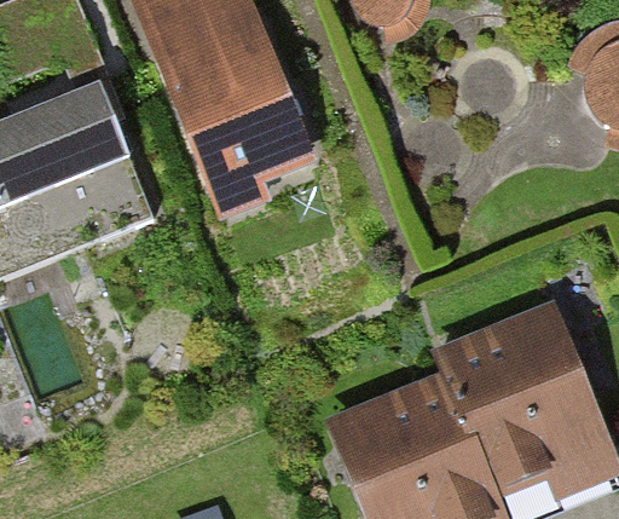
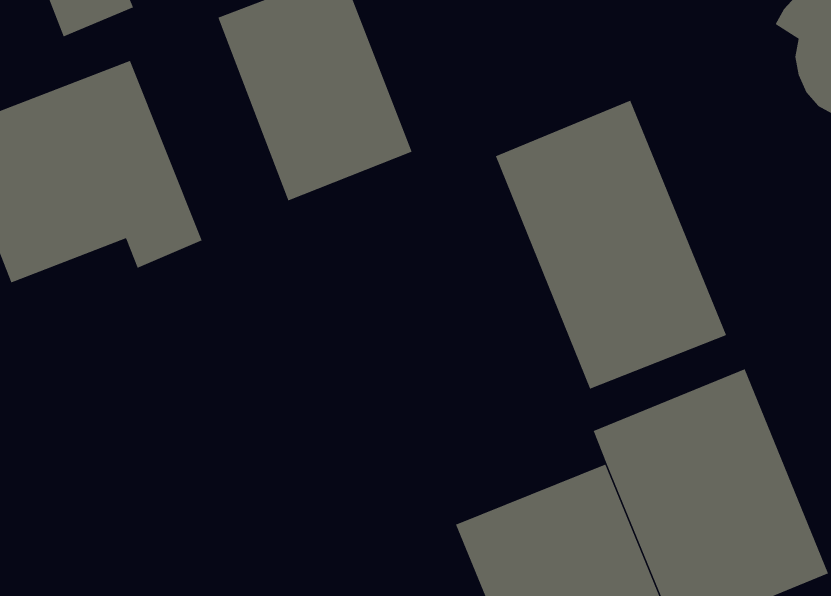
building: none -> [495,100,727,390]

